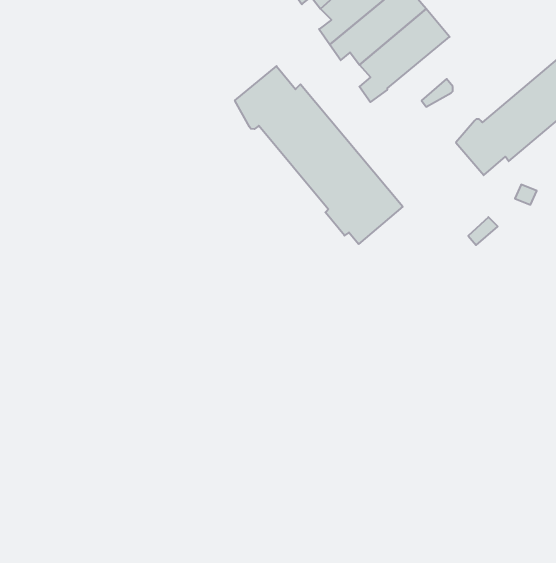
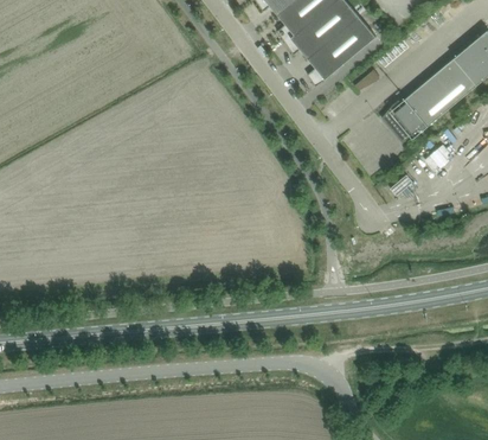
building: [235,66,403,244] -> none

